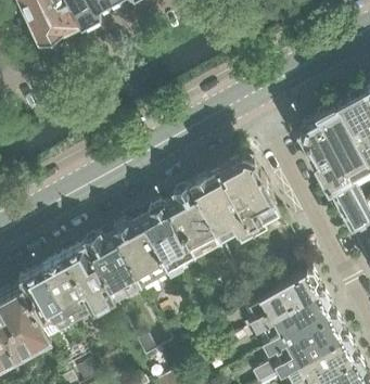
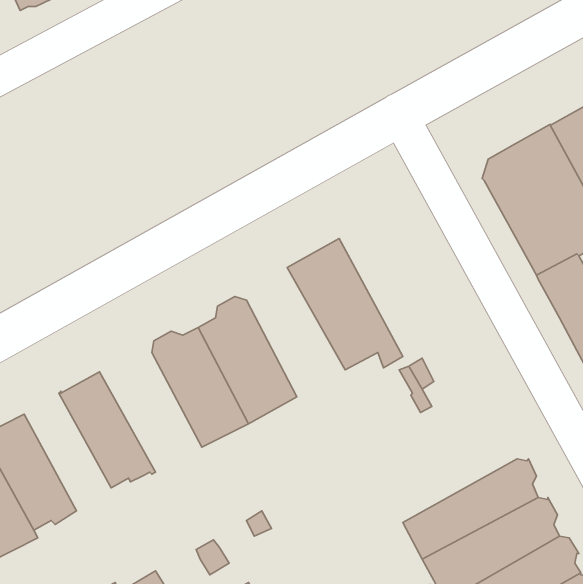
building: [218,159,279,238] -> none
building: [166,188,221,291] -> none
building: [84,235,141,303] -> none
building: [41,258,91,322] -> none
building: [244,272,318,334] -> none

